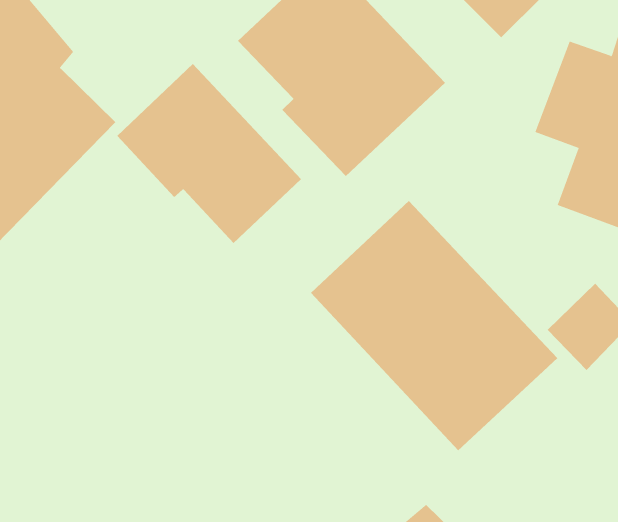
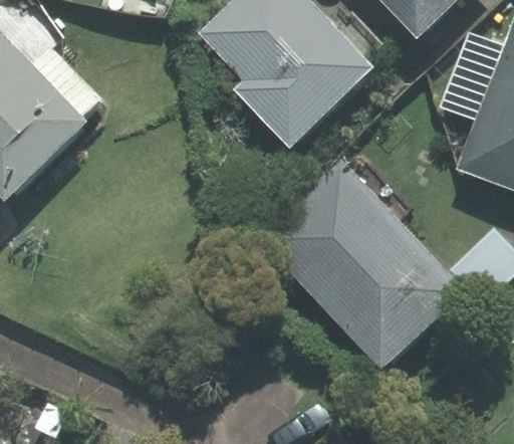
building: [116,63,302,244] -> none

